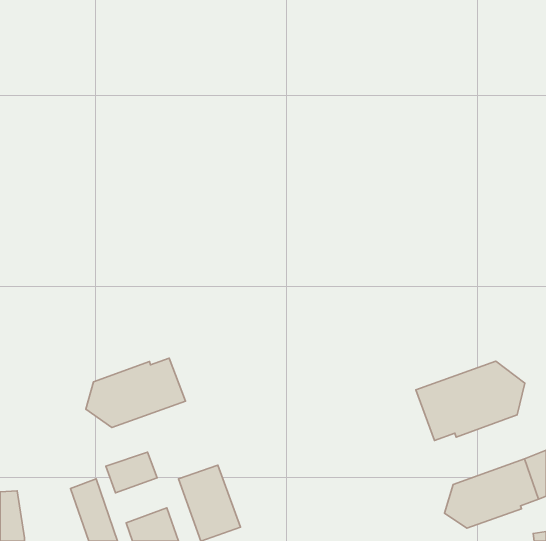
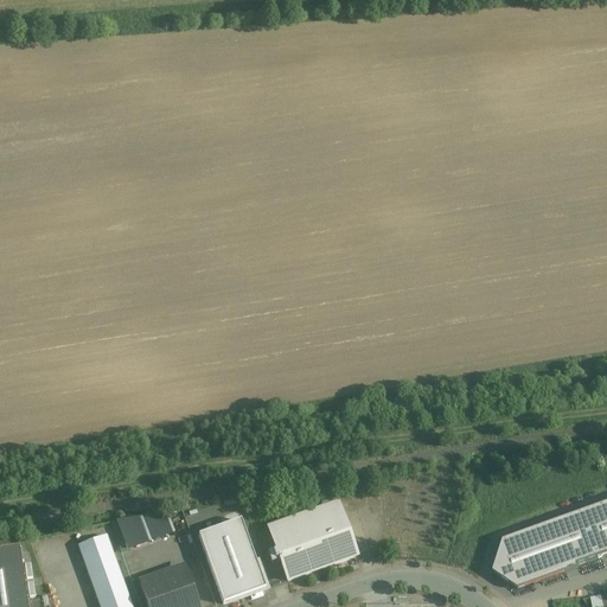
building: [86,358,185,428] -> none
building: [416,361,525,440] -> none
building: none -> [269,507,356,577]

